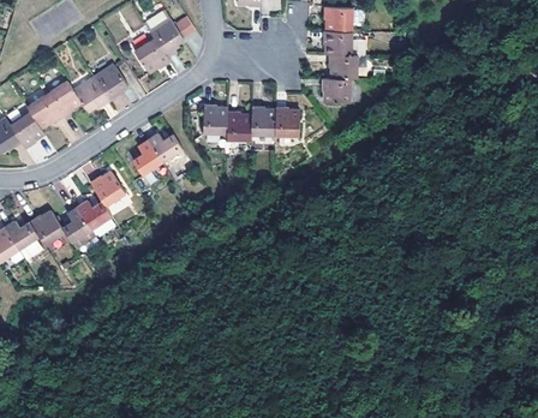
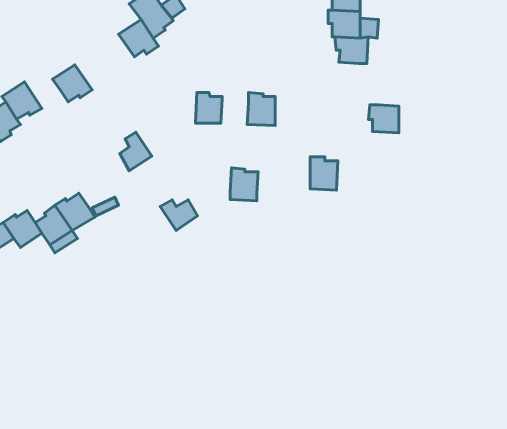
building: [92,66,126,102] -> none
building: [322,77,349,102] -> [368,105,399,133]
building: [47,82,79,119] -> none
building: [274,106,299,136] -> [310,157,338,190]
building: [225,111,250,141] -> [230,168,258,201]
building: [148,135,181,162] -> [160,200,197,230]
building: [89,174,124,208] -> none

